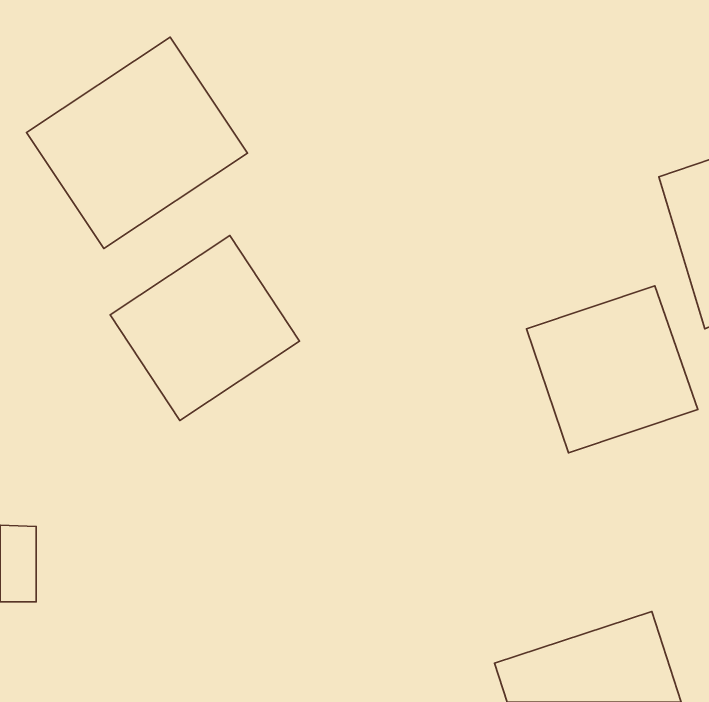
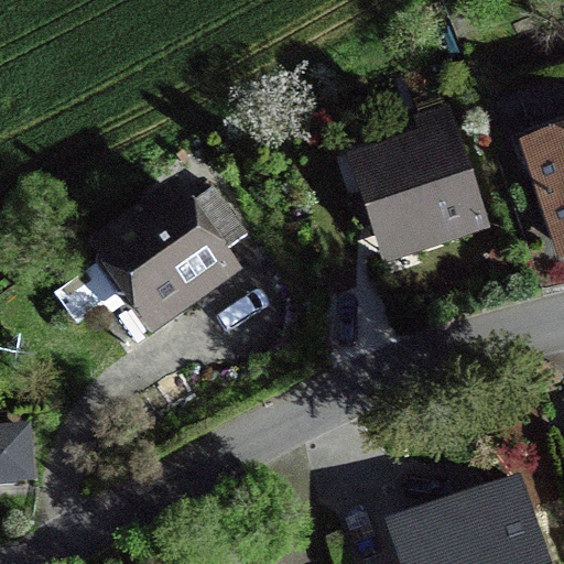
building: [26,37,248,248] -> none
building: [527,286,698,453] -> [355,128,490,260]

